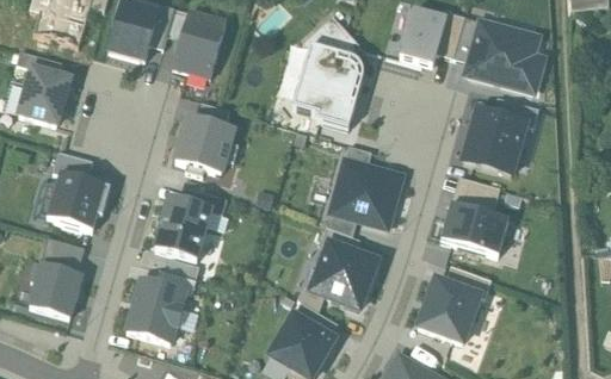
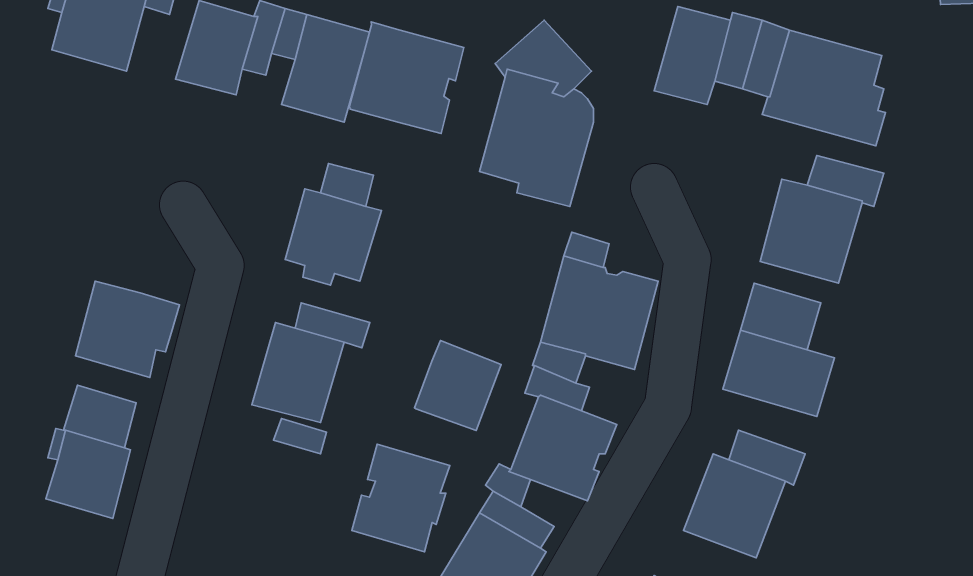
building: none -> [350,22,464,133]
building: [19,69,68,125] -> none
building: [51,151,92,181] -> none
building: none -> [415,340,501,431]
building: [125,279,185,344] -> [352,444,450,552]

